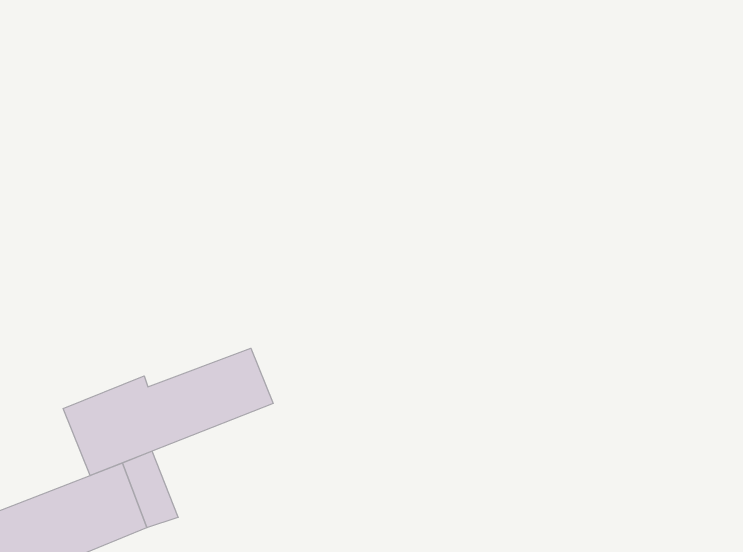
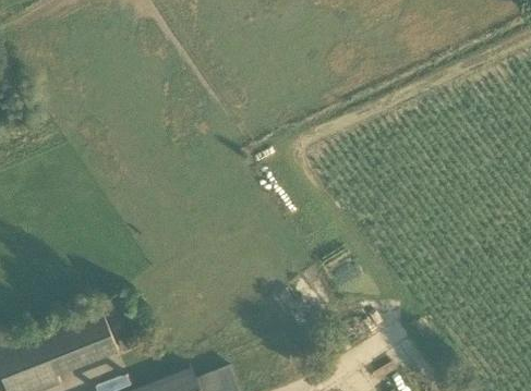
building: [63,348,273,476] -> none

